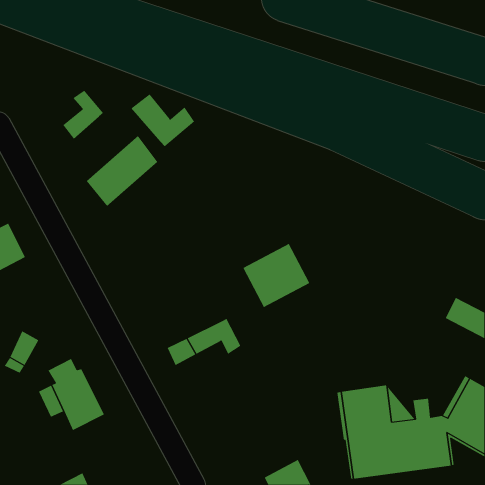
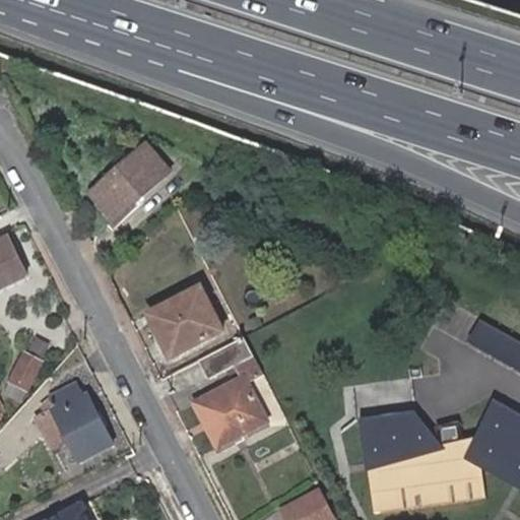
building: [63,90,104,139] -> none
building: [130,94,195,147] -> none
building: [243,243,310,308] -> [149,288,221,358]
building: none -> [194,378,266,446]

